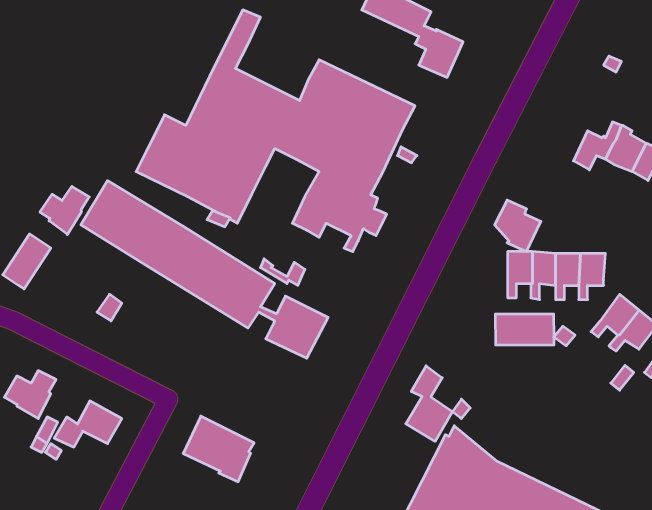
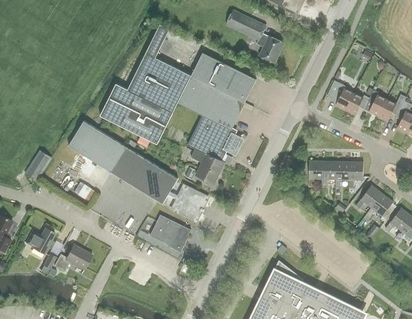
building: [40,186,89,235] -> none
building: [495,200,541,252] -> [328,81,354,110]
building: none -> [192,145,225,184]
building: [495,314,554,345] -> none
building: [406,366,452,441] -> none
building: [183,416,254,482] -> [153,215,193,252]

